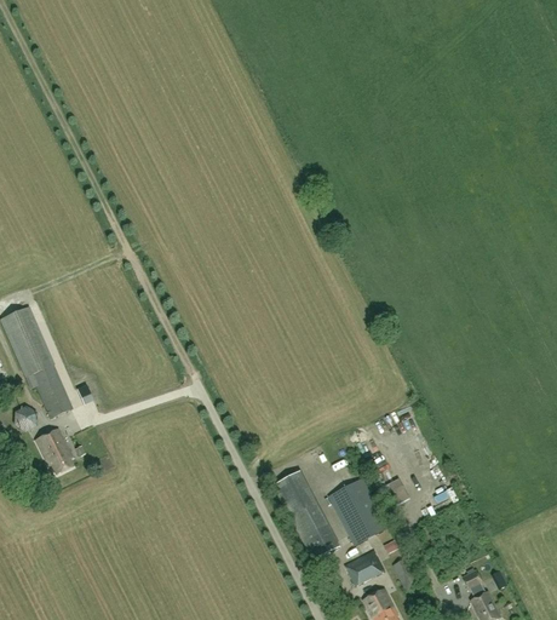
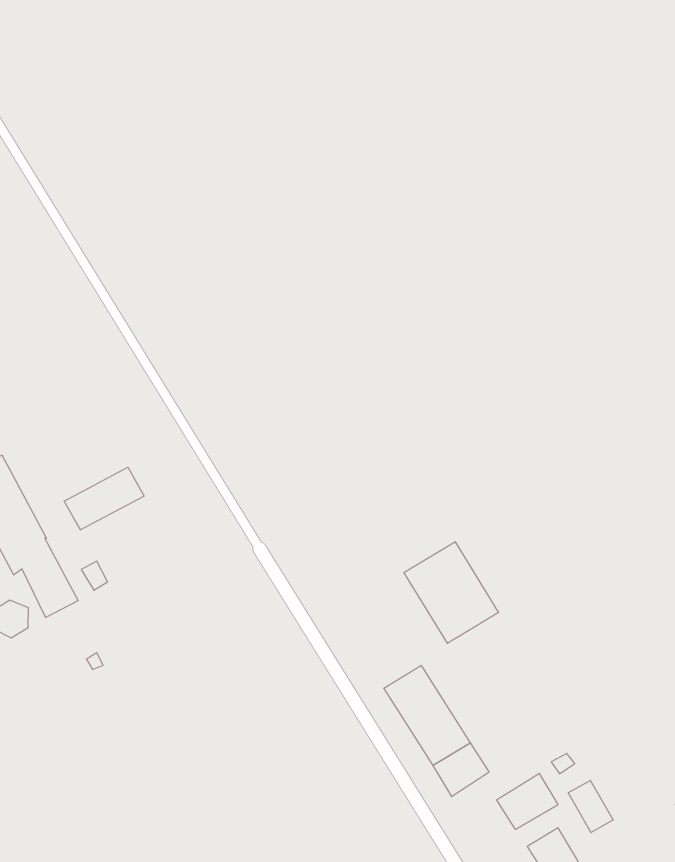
building: none -> [64,467,144,530]
building: [36,427,74,472] -> none
building: [328,477,390,545] -> [404,542,499,643]

